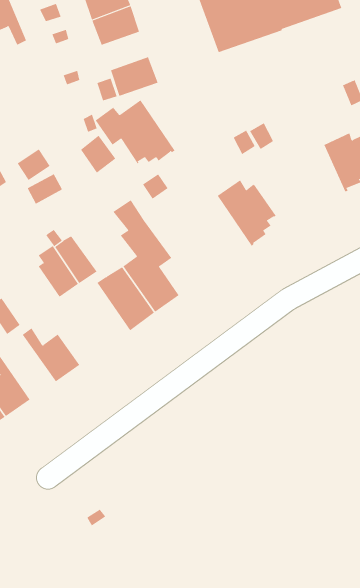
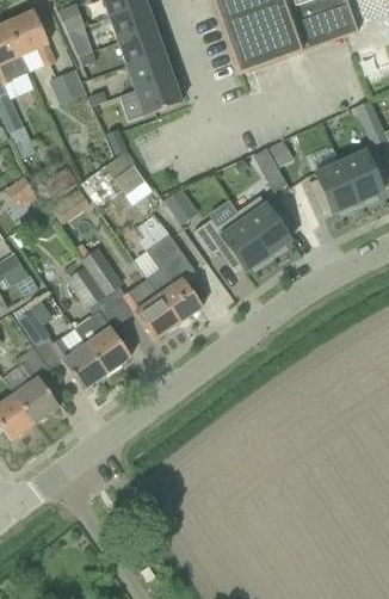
building: none -> [126,53,172,89]
building: none -> [49,68,86,104]
building: [95,100,176,164] -> [193,210,271,272]
building: none -> [308,161,360,214]
building: none -> [74,310,130,372]

